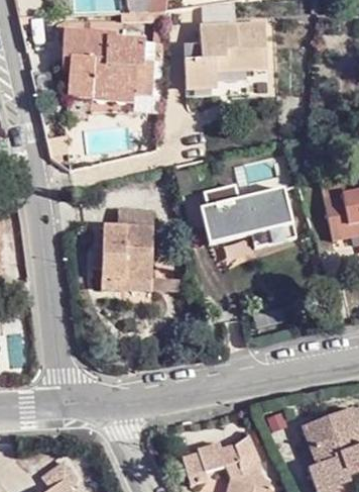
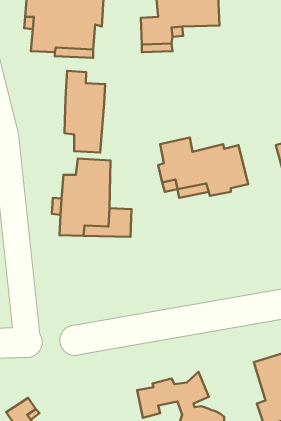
building: none -> [64,71,105,152]

